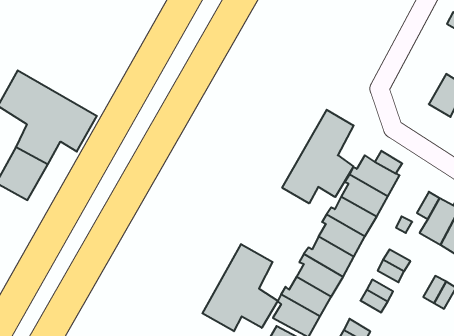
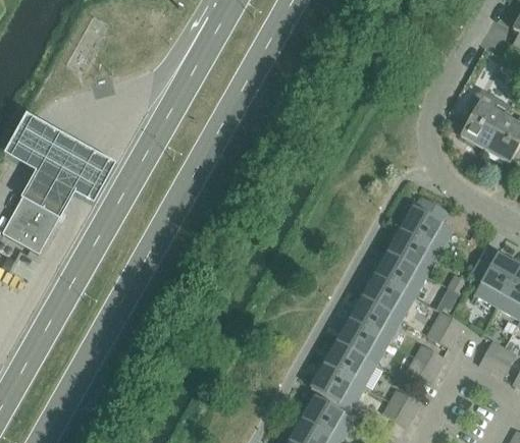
building: none -> [460,93,504,150]
building: [282,110,354,203] -> none
building: [202,244,278,331] -> none

